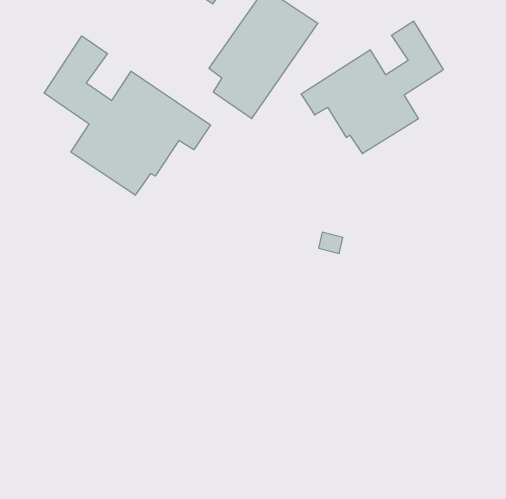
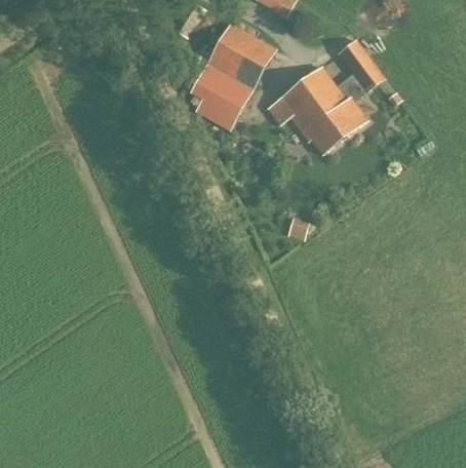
building: [44,36,211,195] -> none

